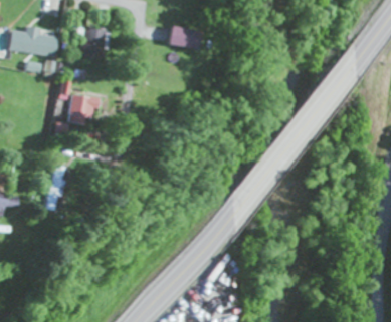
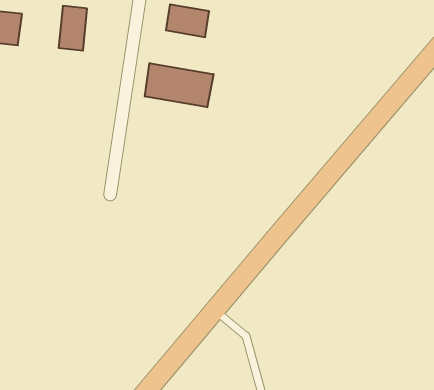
building: none -> [145,63,214,107]
building: [67,94,94,125] -> none

